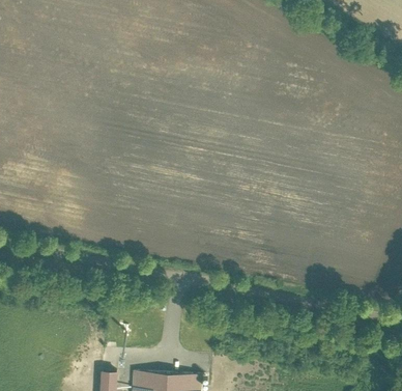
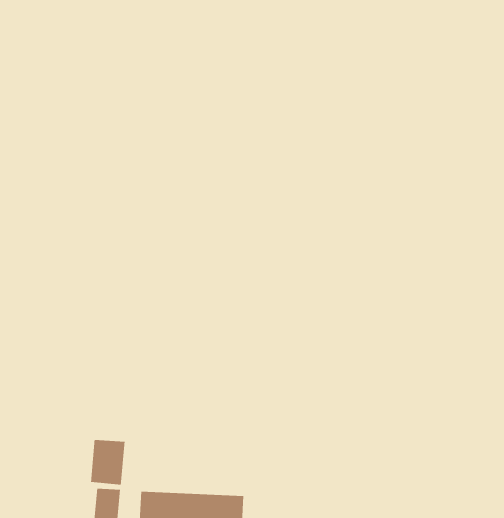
building: none -> [91,439,125,486]

